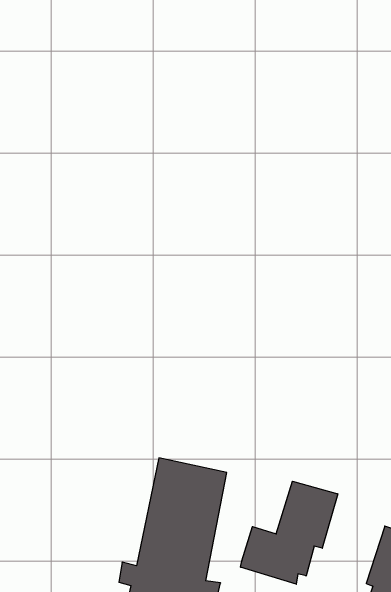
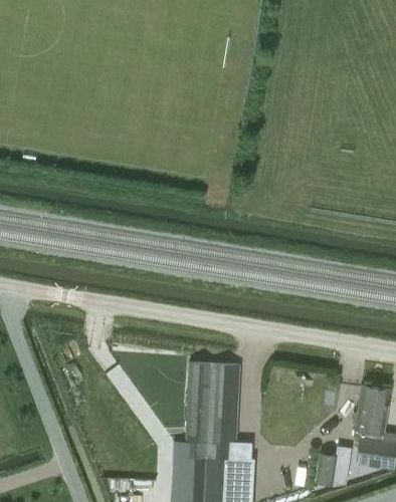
building: [241,481,338,584] -> none

